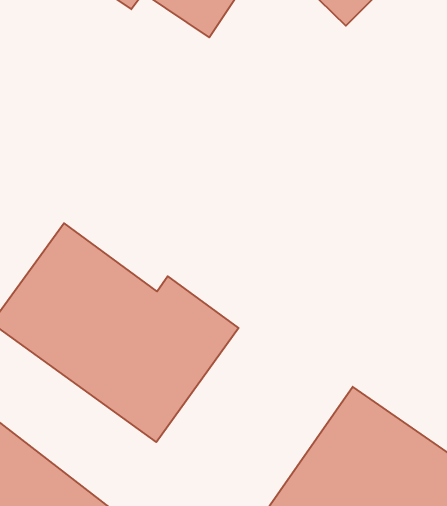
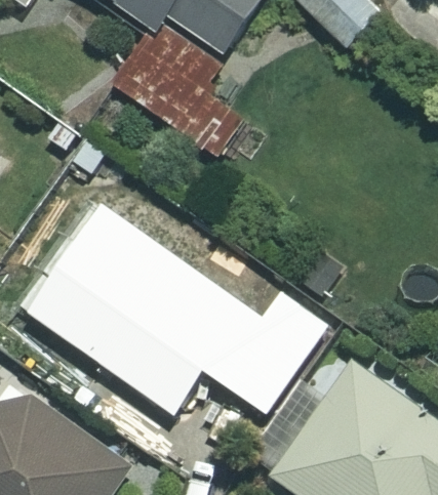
building: none -> [104,31,244,158]
building: none -> [220,288,329,409]

